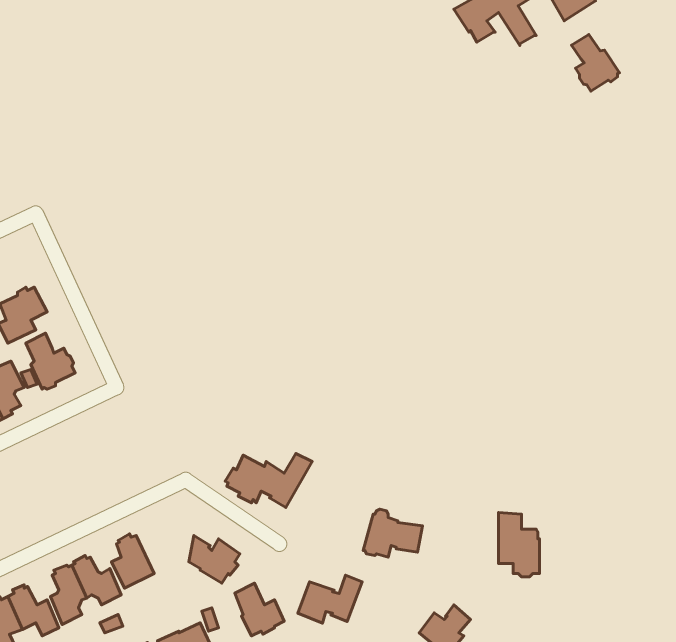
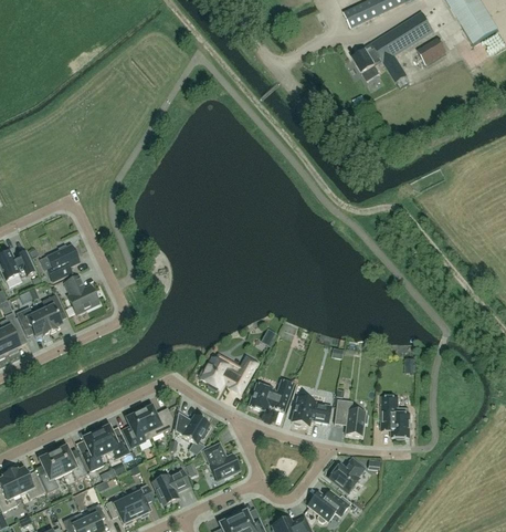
building: [572,34,620,91] -> none
building: none -> [333,399,367,436]
building: none -> [138,405,171,437]
building: [298,575,362,623] -> [249,379,292,411]

